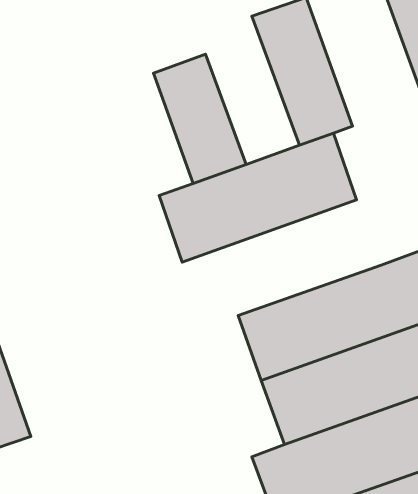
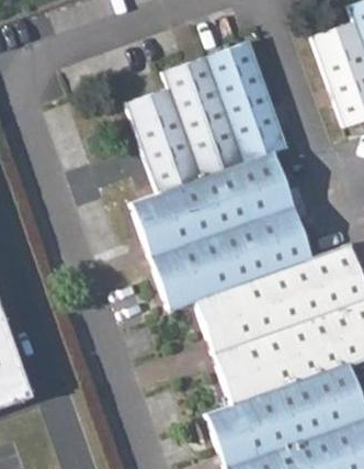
building: none -> [162,57,243,177]
building: none -> [149,205,309,309]

